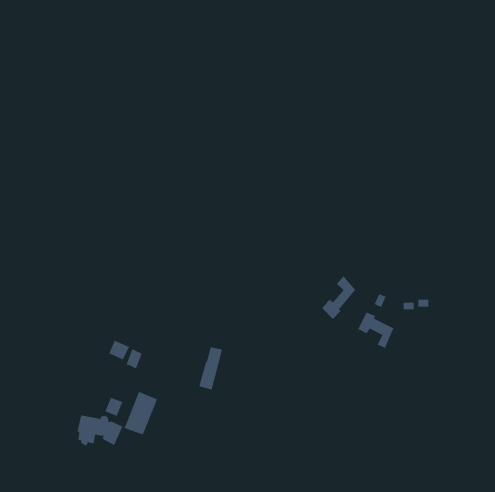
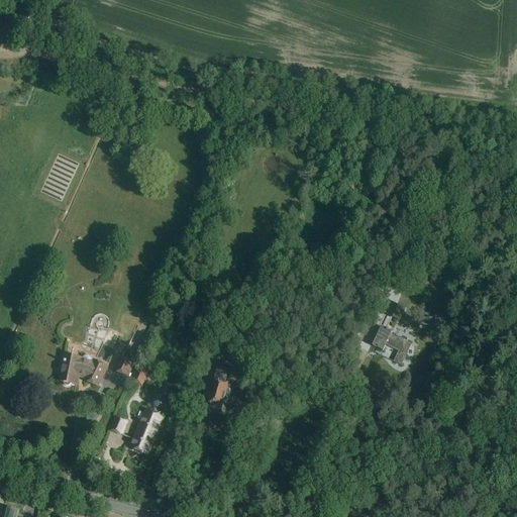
building: [321,276,356,320] -> none
building: [77,415,123,446] -> [59,352,107,385]

